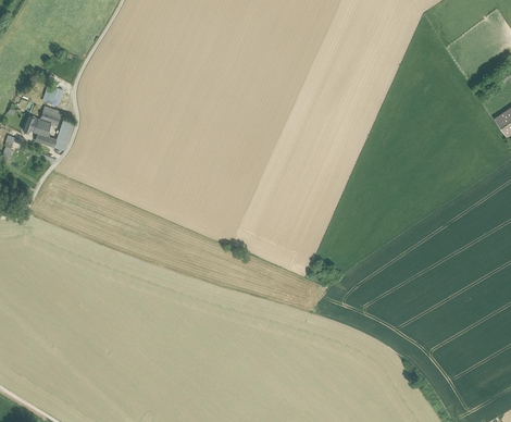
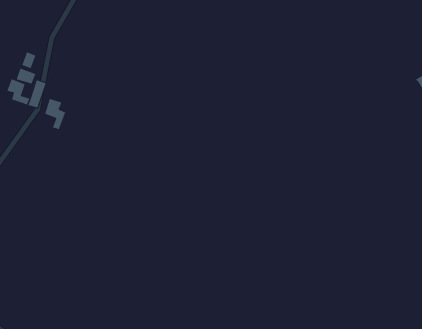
building: none -> [44,98,66,130]

